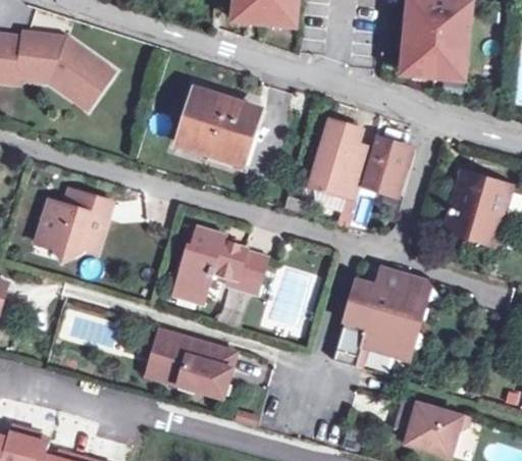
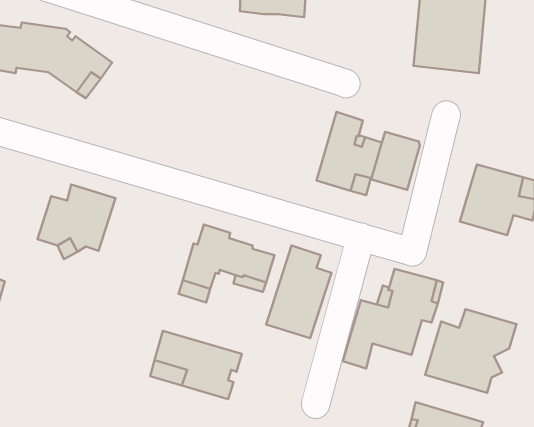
building: [177,89,257,160] -> none
building: none -> [425,309,516,393]

